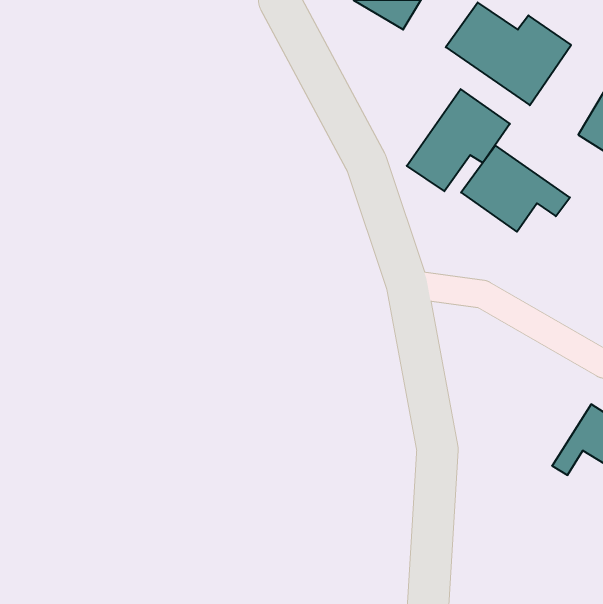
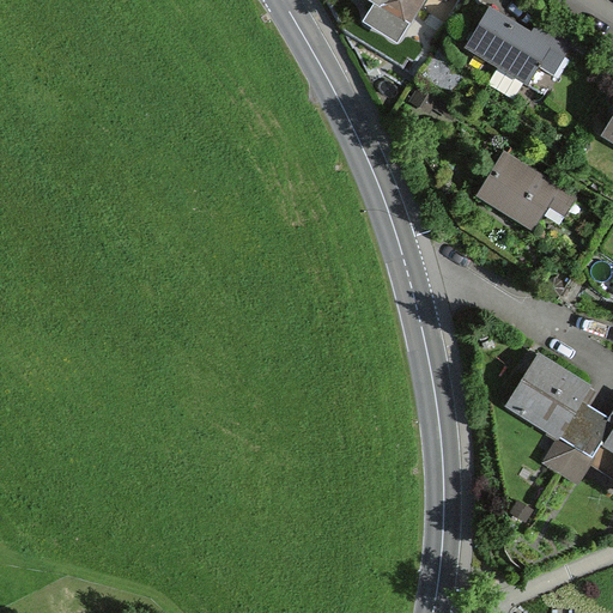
building: [407,89,510,191] -> none
building: none -> [514,353,600,472]

